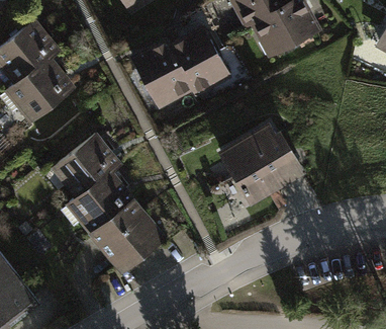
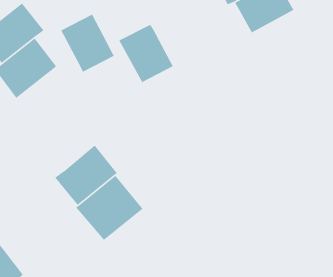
building: [174,33,230,95] -> [60,13,115,73]
building: [222,128,299,197] -> none
building: [57,136,119,196] -> none

